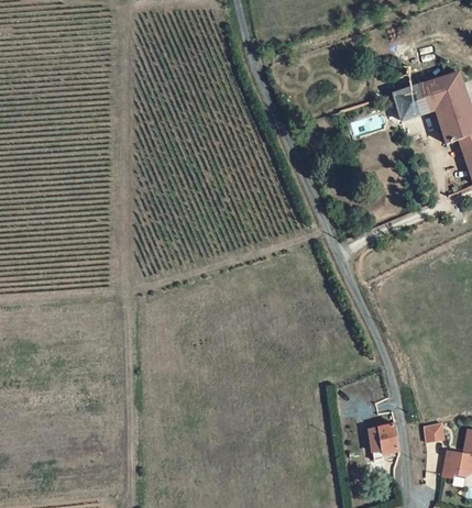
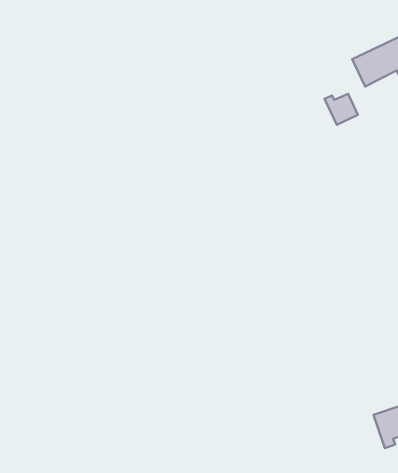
building: none -> [324,94,358,125]

